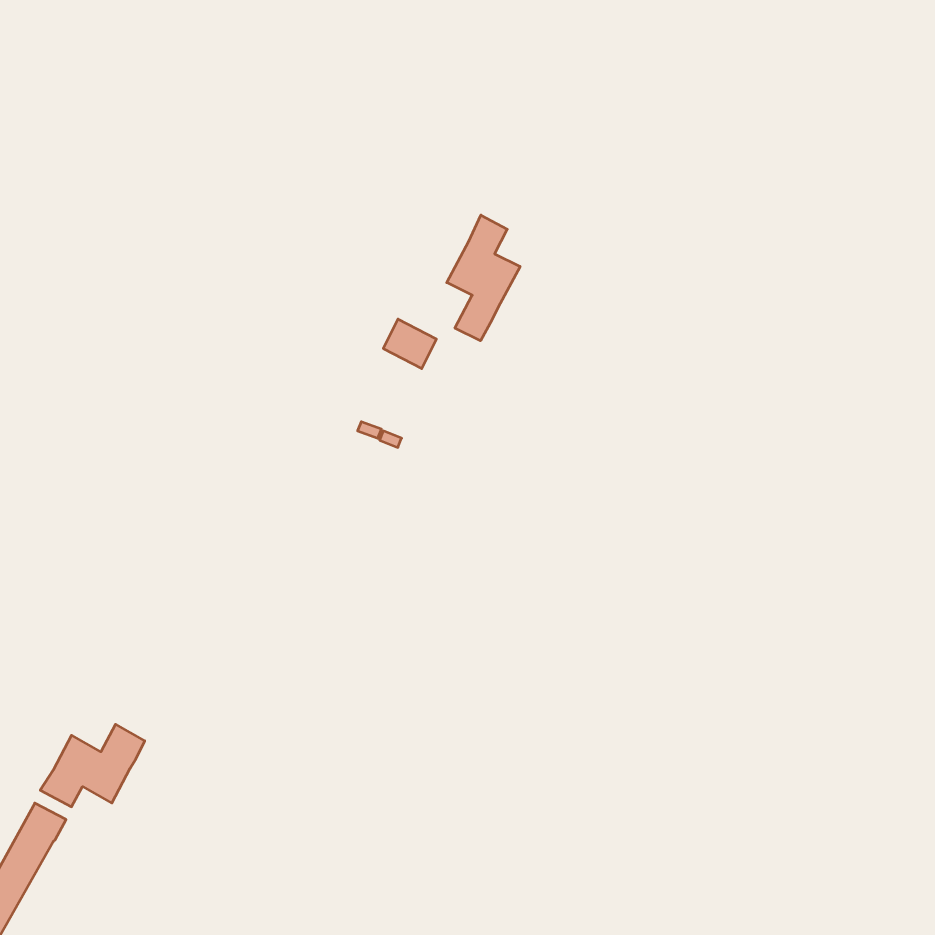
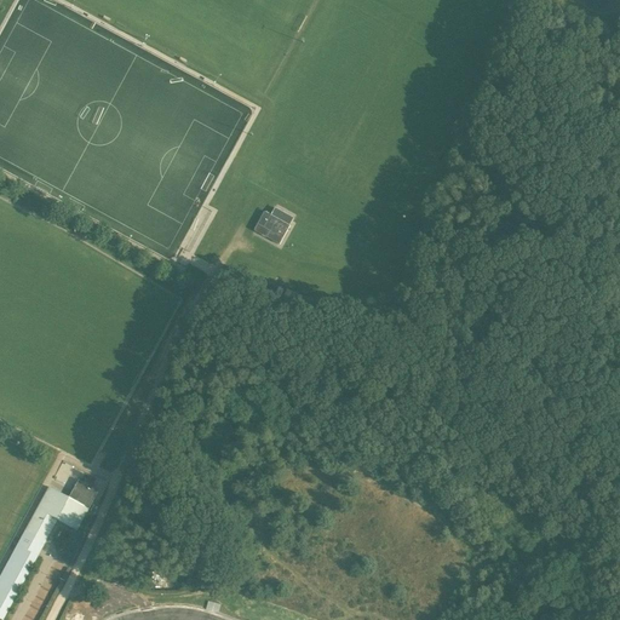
building: [447,215,520,341] -> none

